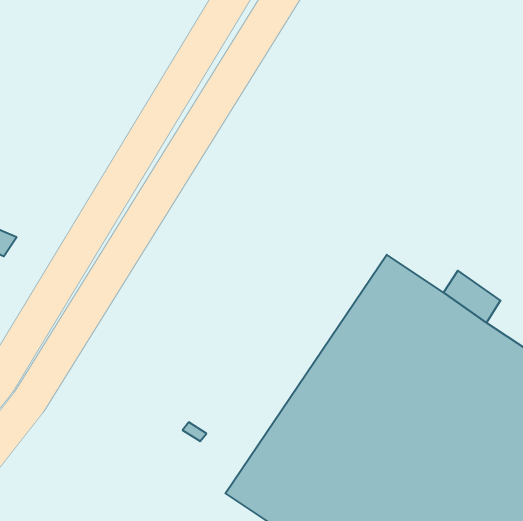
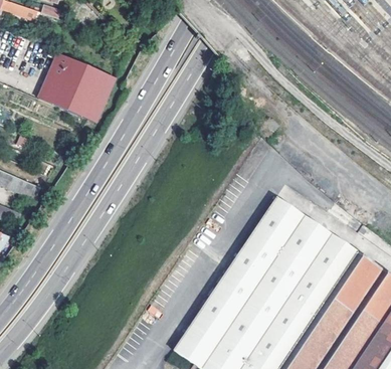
building: none -> [38,52,114,121]

